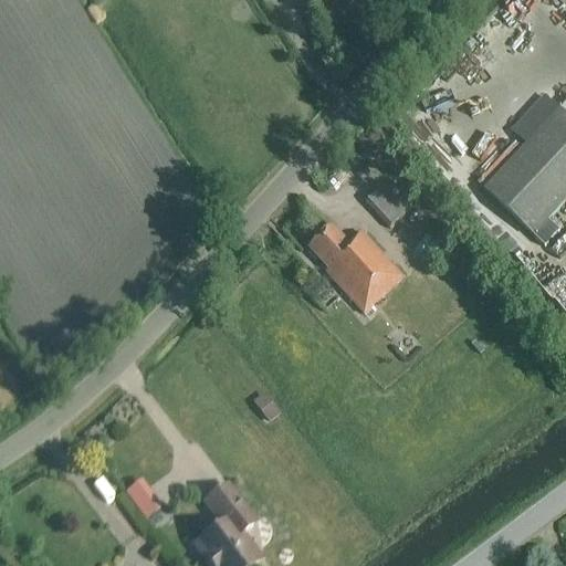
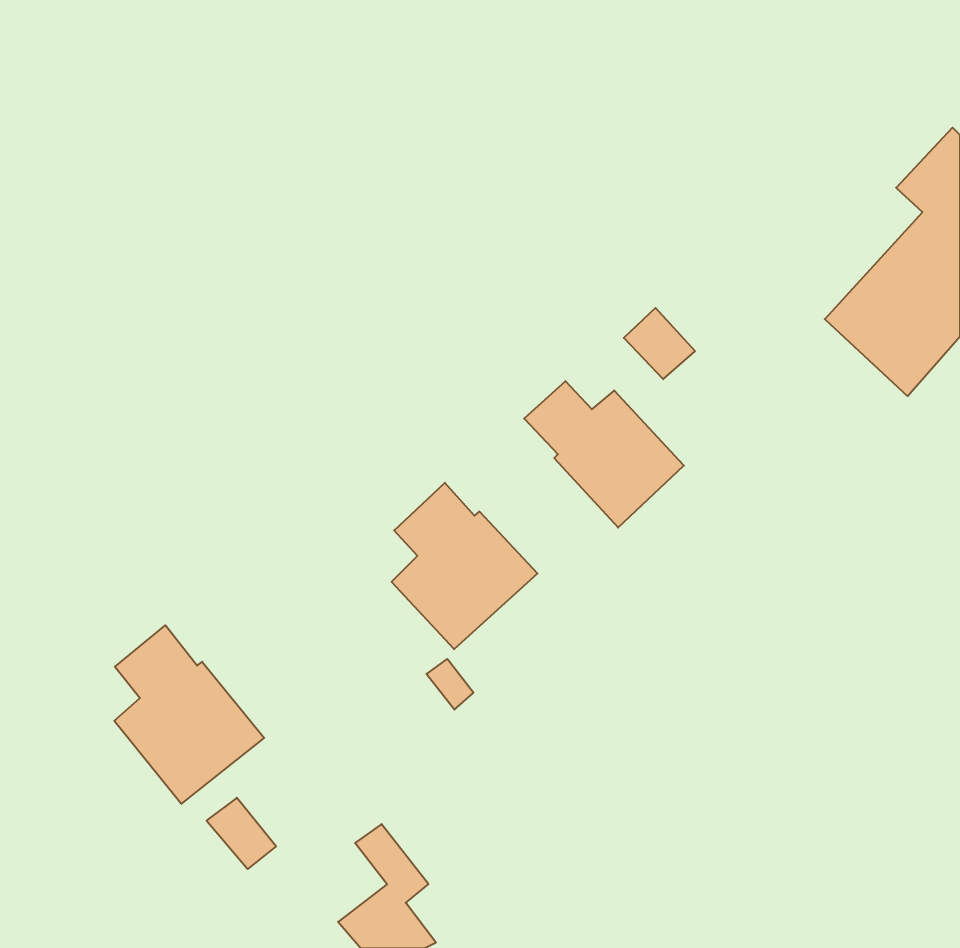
building: none -> [392,483,537,649]
building: none -> [114,625,264,804]

